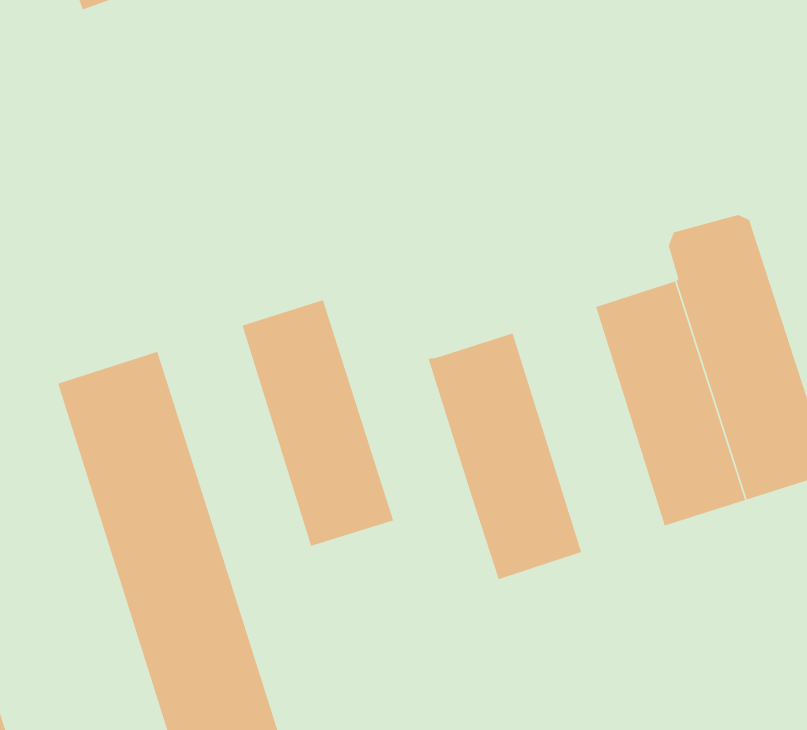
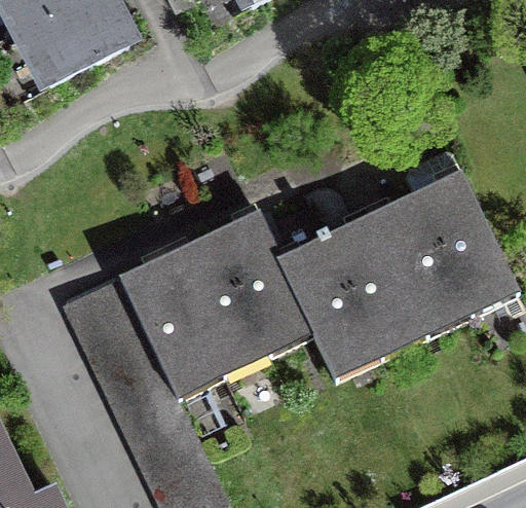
building: none -> [211,211,311,355]
building: none -> [323,215,425,358]
building: none -> [119,254,223,398]

